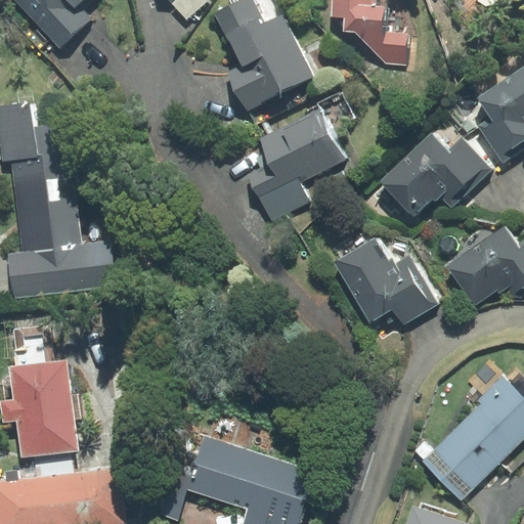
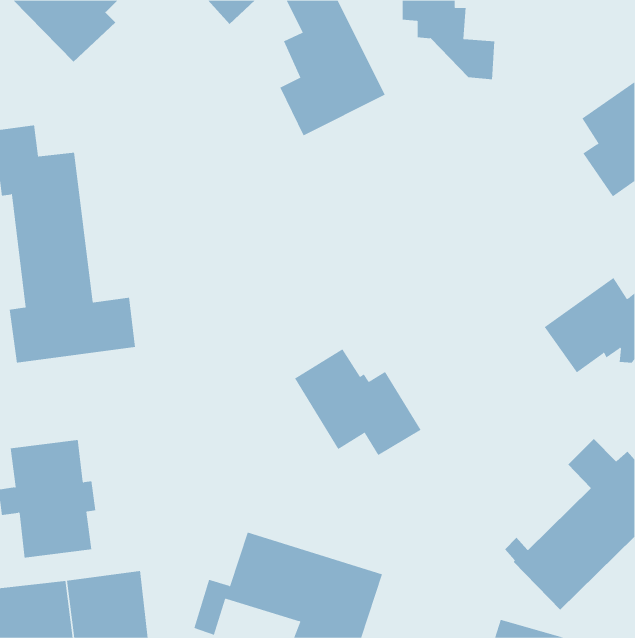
building: [250,111,346,201] -> none
building: [379,134,491,217] -> none
building: [333,237,437,325] -> [294,349,422,456]

